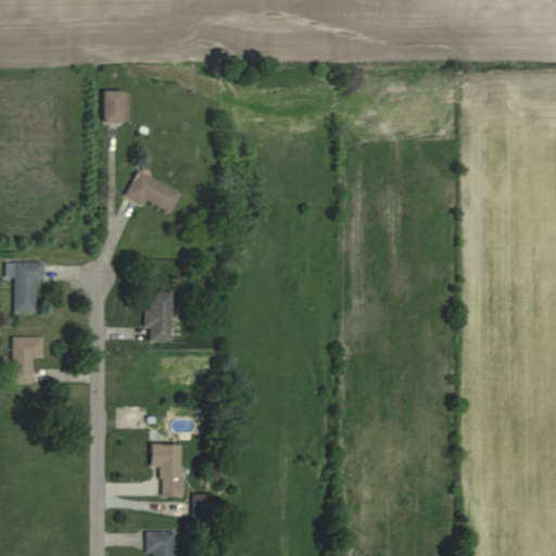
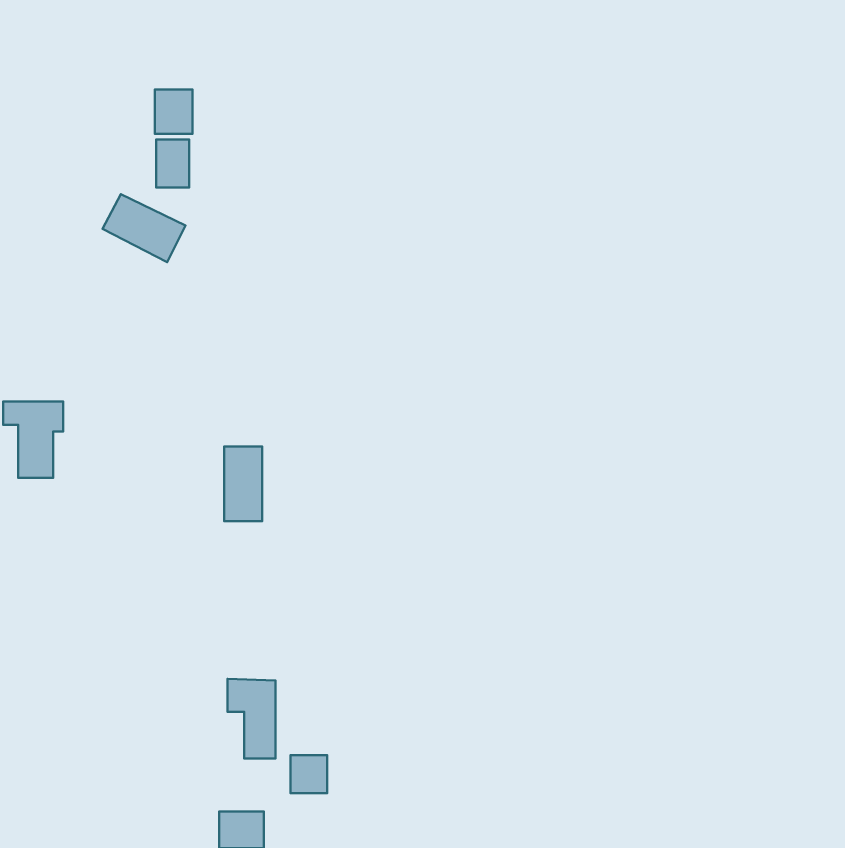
building: none -> [155,90,192,134]
building: [128,170,182,215] -> [103,194,186,262]
building: [13,338,43,383] -> none

